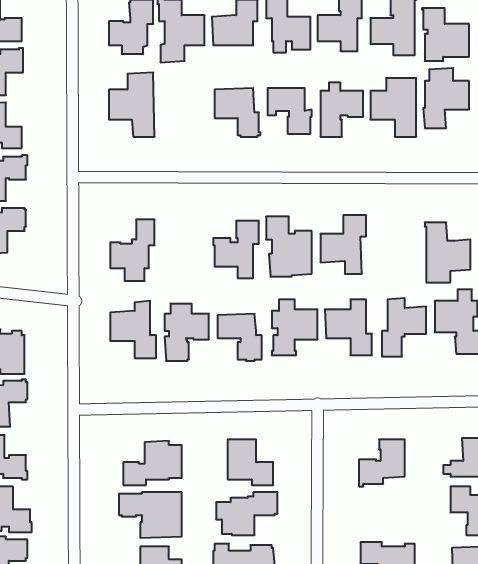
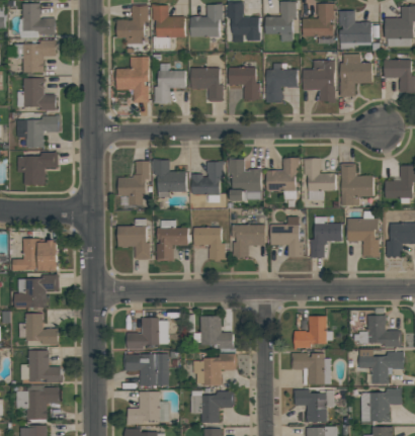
building: none -> [153,64,185,104]
building: none -> [151,159,185,197]
building: none -> [304,159,335,200]
building: none -> [290,353,330,384]

